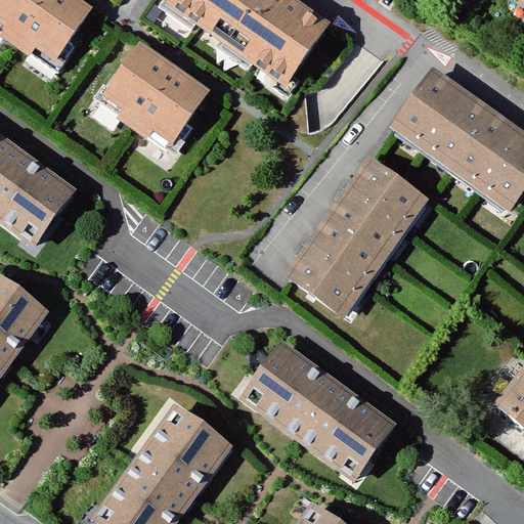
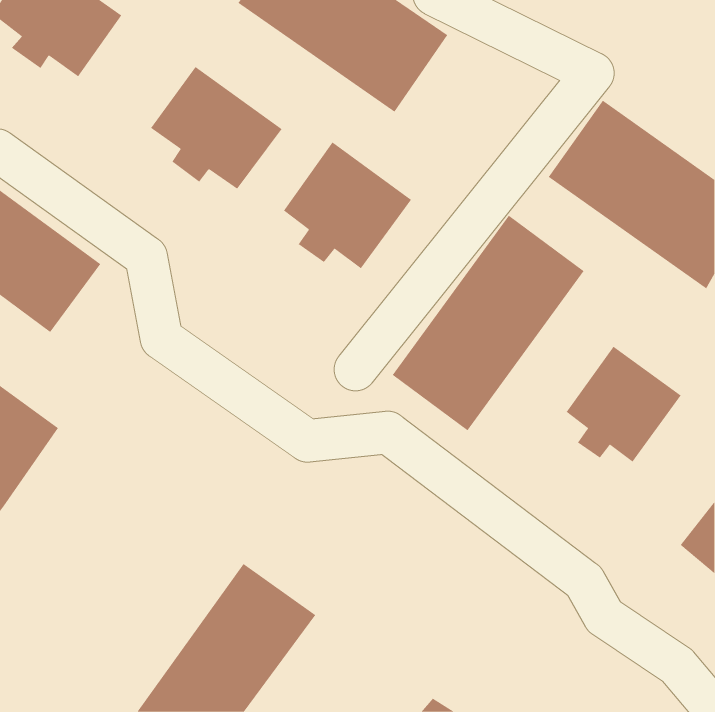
building: none -> [283,142,412,269]
building: none -> [566,346,681,462]
building: [250,349,395,478] -> none

